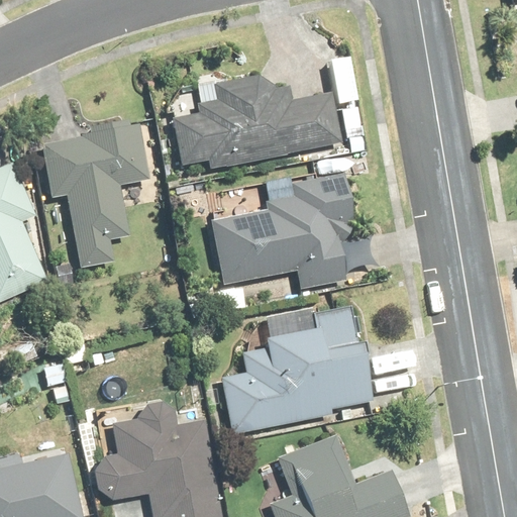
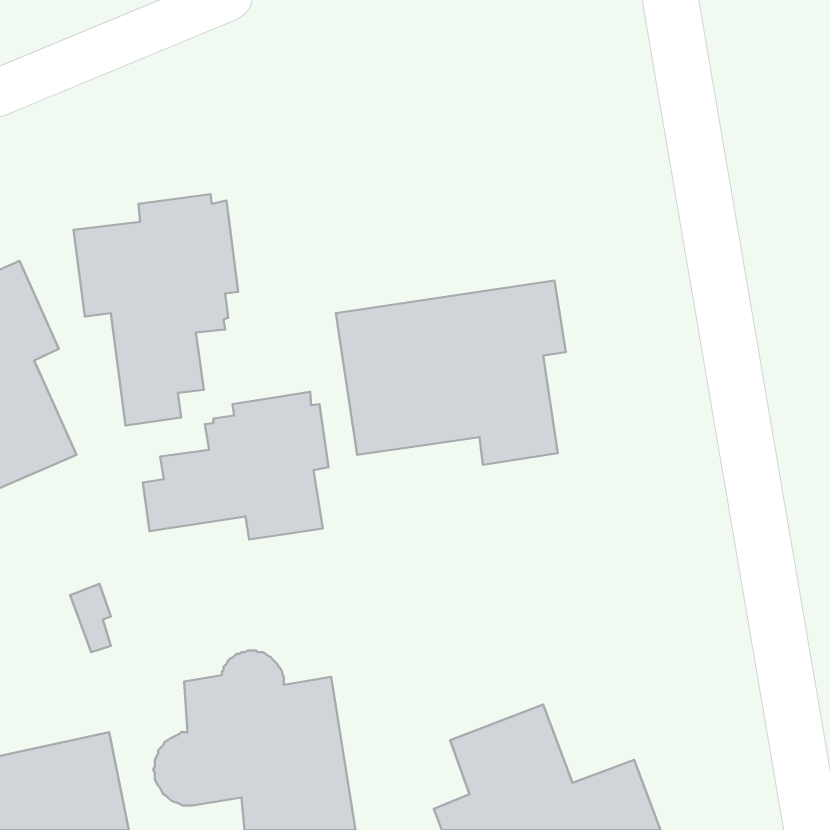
building: [172,74,340,171] -> none
building: none -> [143,392,329,539]
building: [222,311,372,430] -> none

